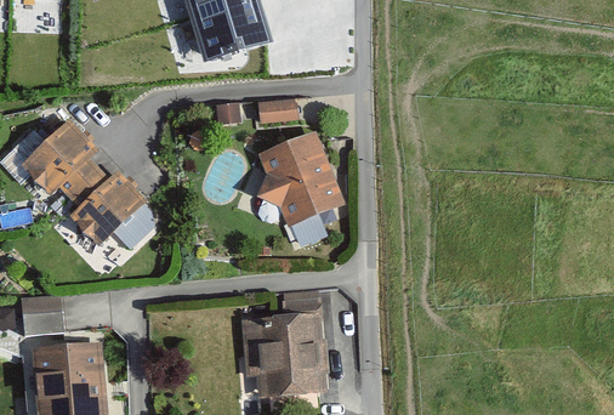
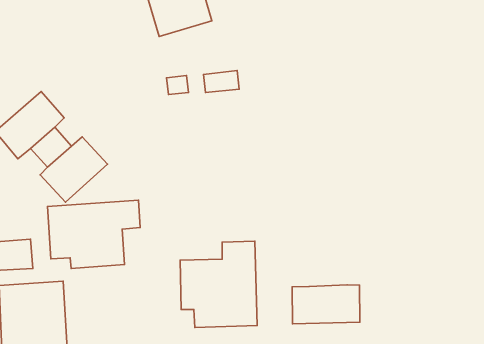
building: [248,129,345,250] -> none
building: none -> [48,200,140,269]
building: none -> [292,285,360,324]

